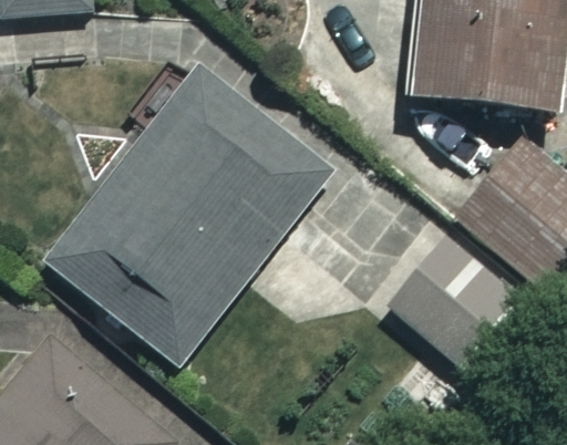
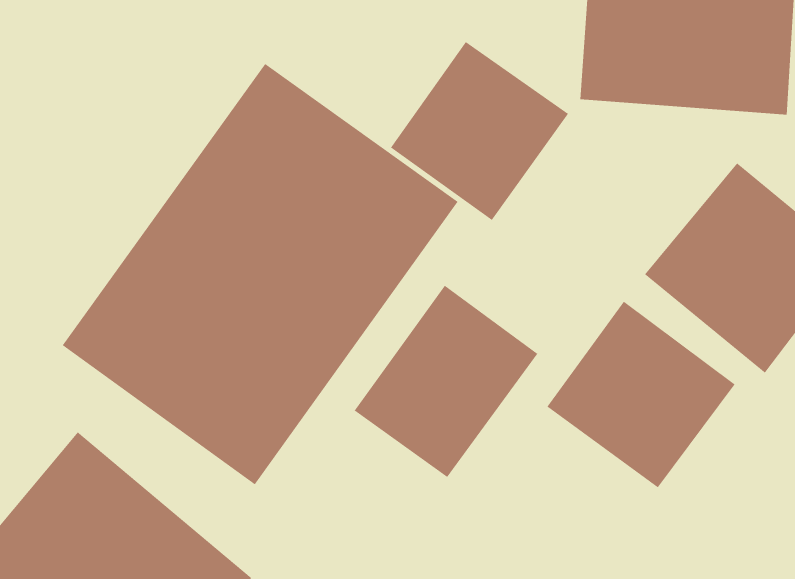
building: none -> [390,41,569,221]
building: none -> [354,285,538,478]

